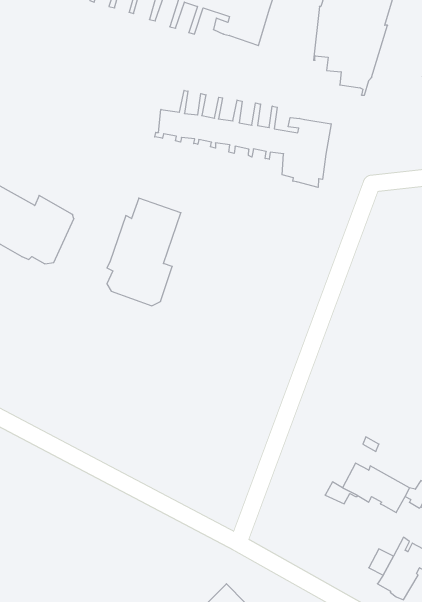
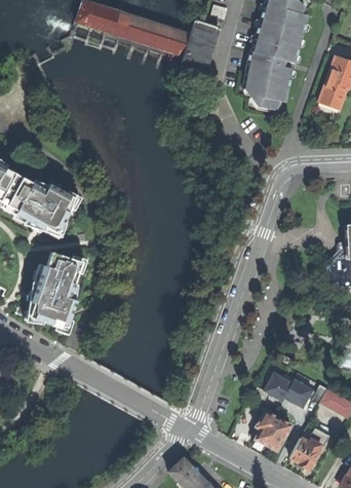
building: [155,90,331,187] -> none
building: [107,198,181,306] -> [31,252,83,328]
building: none -> [251,410,291,451]

